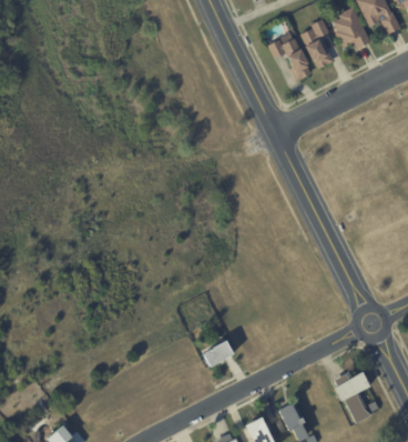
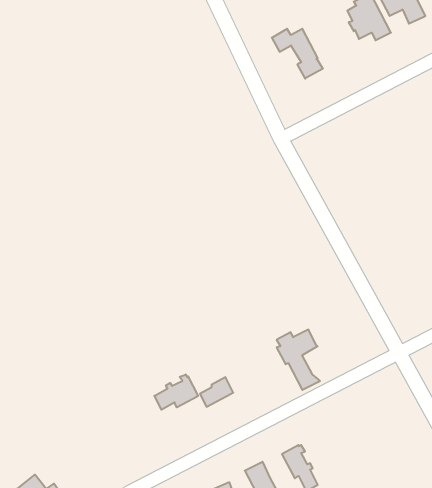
building: [302,20,335,70] -> none
building: none -> [154,374,198,410]
building: [335,371,373,423] -> [277,330,320,390]

